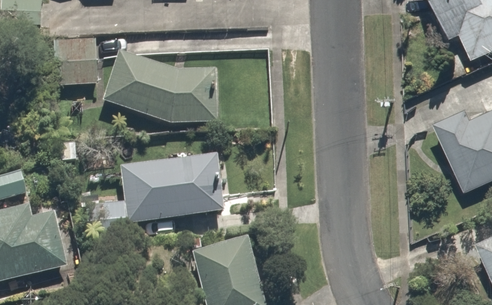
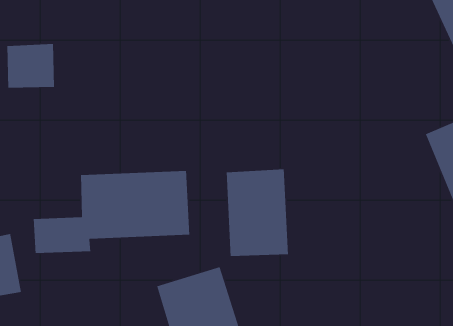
building: [102,54,220,125] -> none
building: none -> [226,169,289,257]

